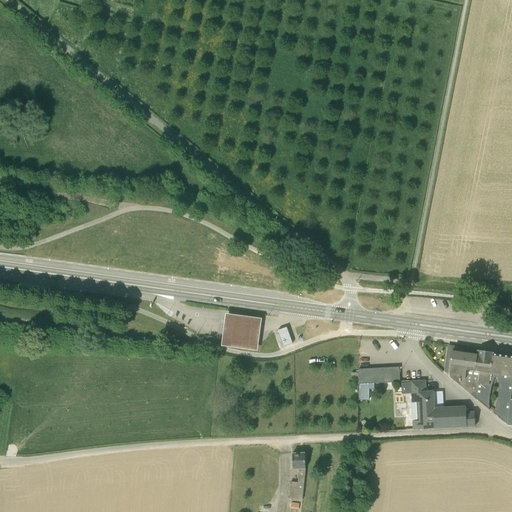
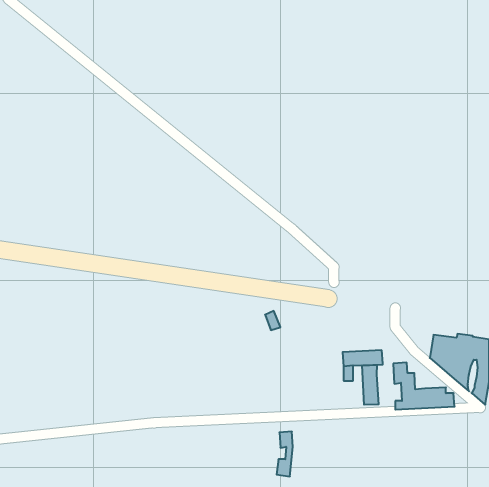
building: [221,312,262,349] -> none
building: none -> [362,365,379,405]

